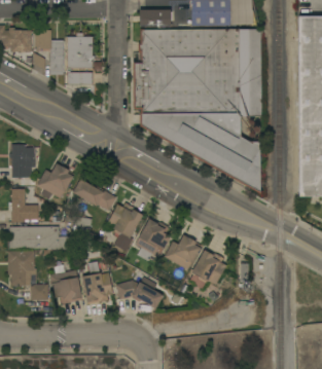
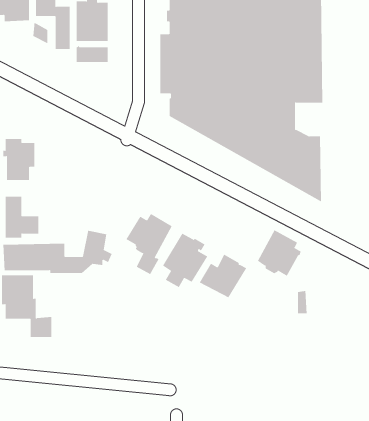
building: [37,163,74,199] -> none
building: [72,179,116,211] -> none
building: [191,248,226,285] -> [257,229,302,277]
building: [49,264,81,304] -> none
building: [82,271,113,304] -> none
building: [116,280,163,308] -> none

